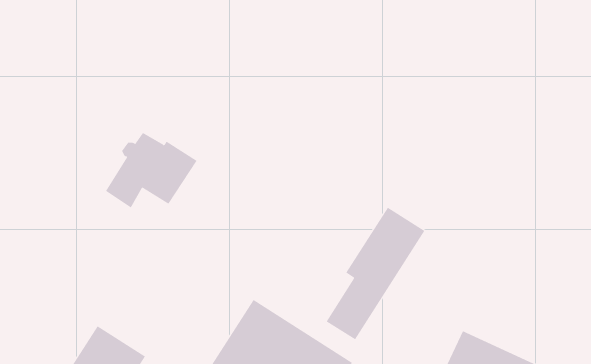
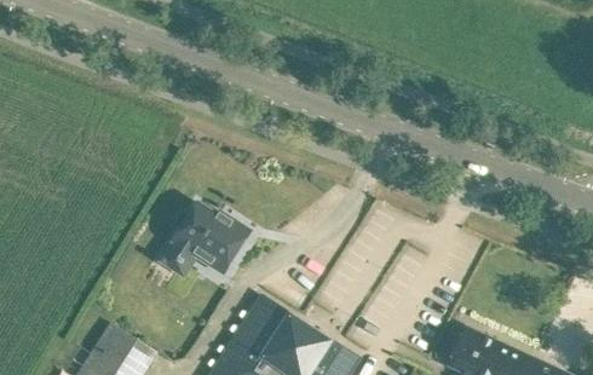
building: [105,132,197,208] -> [160,204,249,278]
building: [326,207,425,340] -> none

